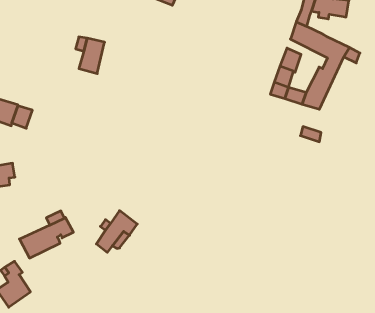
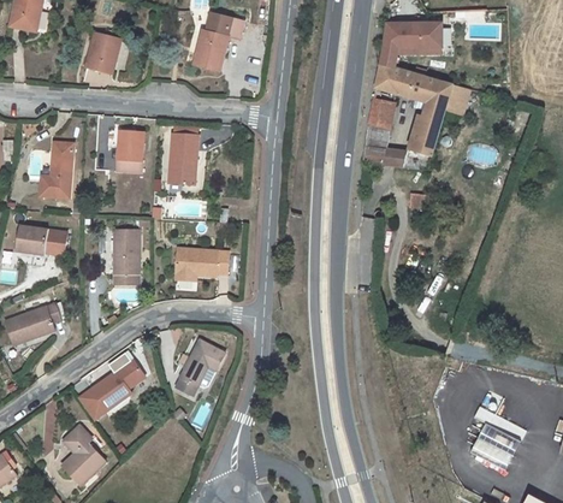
building: none -> [41,141,73,196]
building: none -> [170,132,197,184]
building: none -> [113,227,140,283]
building: none -> [176,247,227,274]

